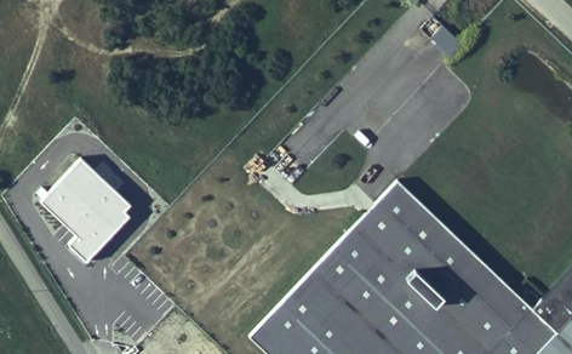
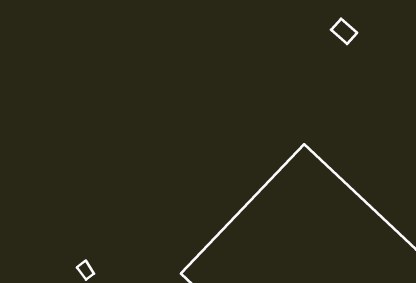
building: [41,162,131,264] -> none

